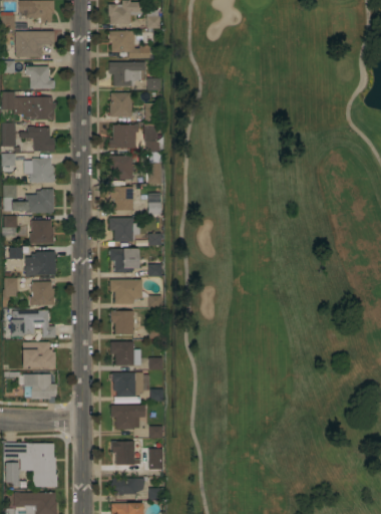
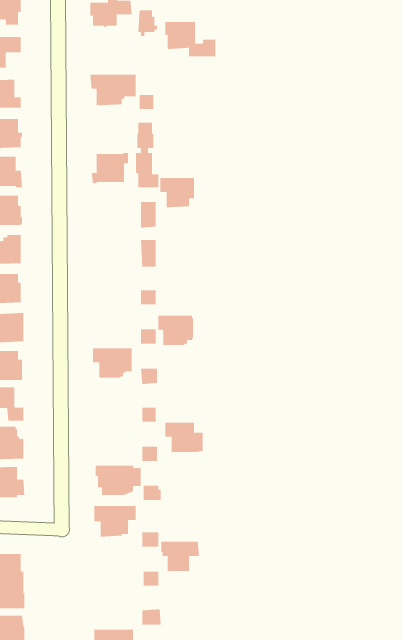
building: [108,31,149,59] -> [164,22,216,57]
building: [109,92,130,117] -> none
building: [108,157,136,181] -> [160,178,195,208]
building: [109,188,132,211] -> none
building: [108,219,138,243] -> none
building: [109,249,138,273] -> [157,315,194,345]
building: [109,311,133,335] -> none
building: [109,342,140,366] -> [164,422,204,452]
building: [110,442,141,466] -> [161,541,200,572]
building: [111,478,143,496] -> none

